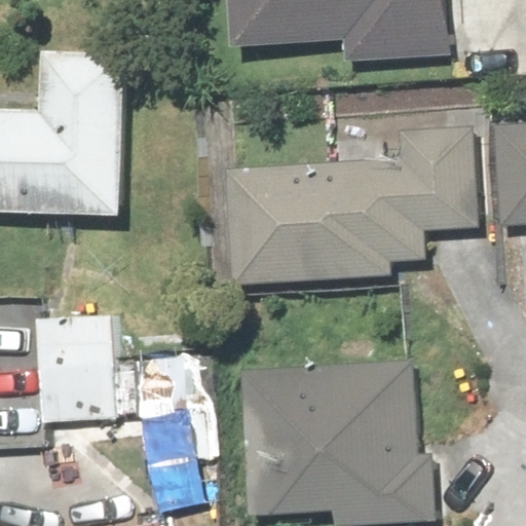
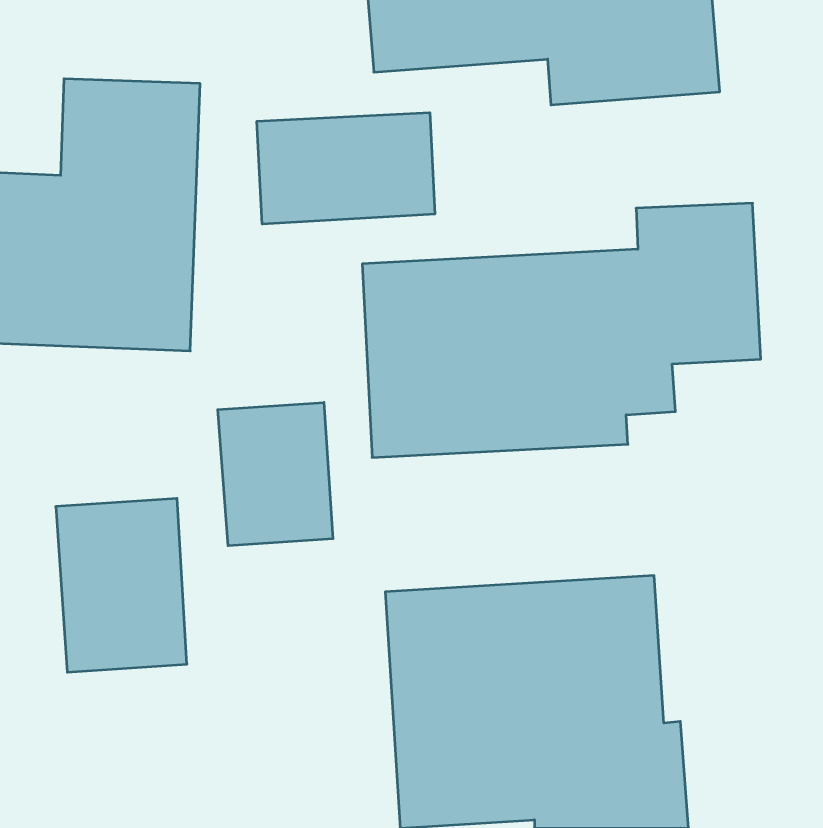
building: none -> [257,113,435,224]
building: none -> [218,402,333,546]

